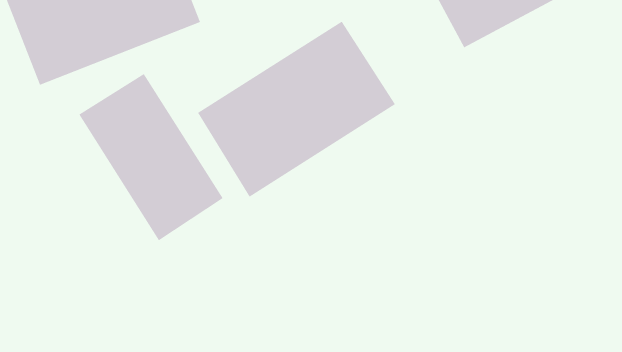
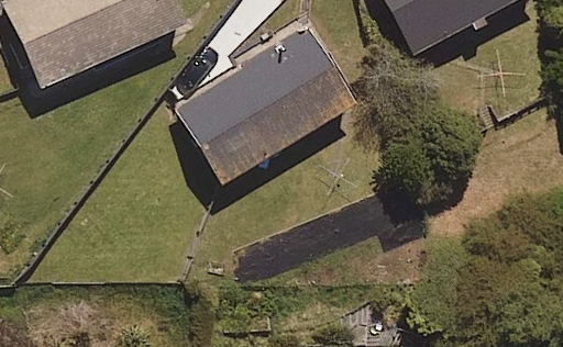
building: [78,73,224,241] -> none

